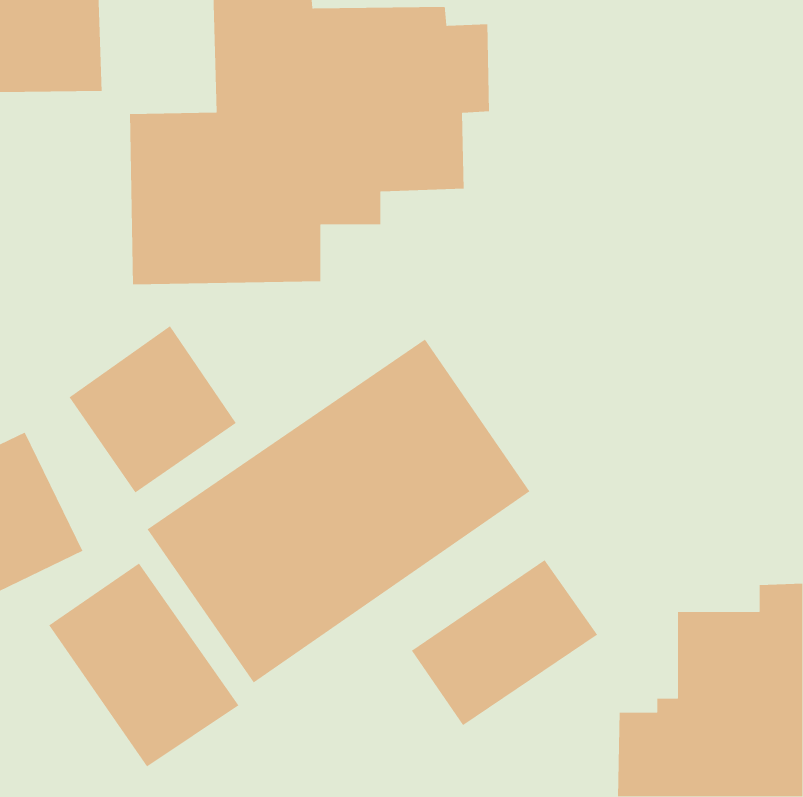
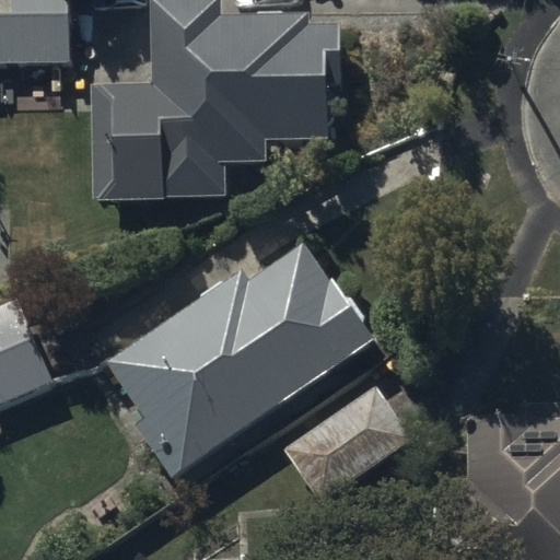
building: [68,325,237,494] -> none
building: [48,562,240,768] -> none

